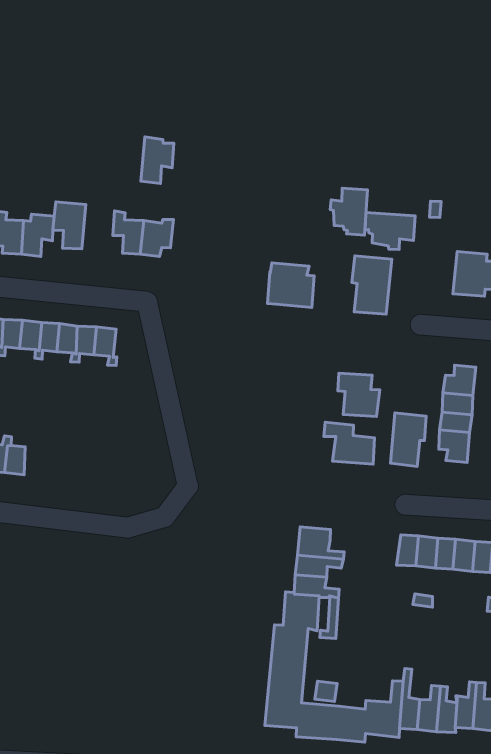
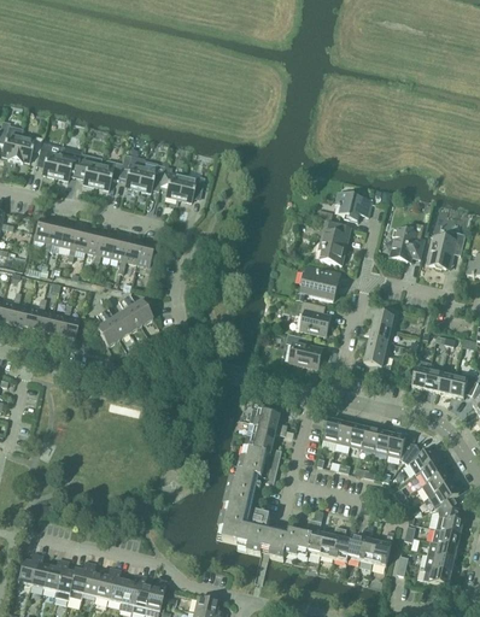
building: [141,137,174,184] -> [137,158,164,192]
building: [330,188,367,235] -> none
building: [267,263,314,308] -> [303,265,338,300]
building: none -> [95,299,152,346]
building: [390,413,426,467] -> none

